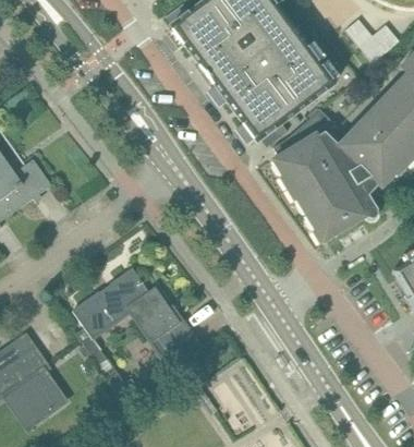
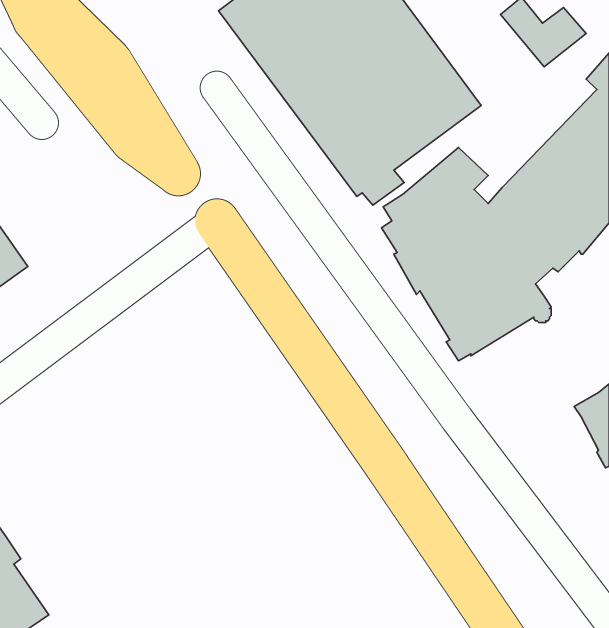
building: [72,268,199,365] -> none

